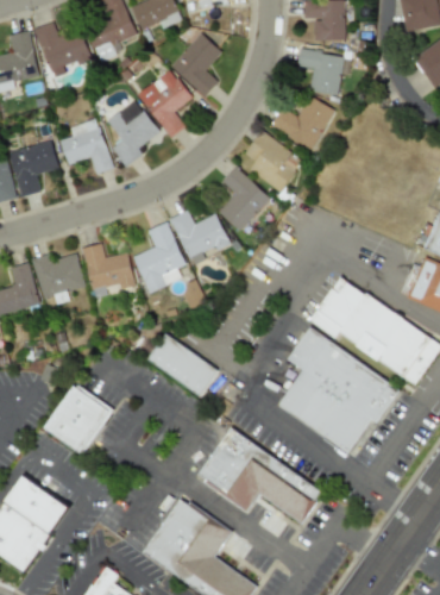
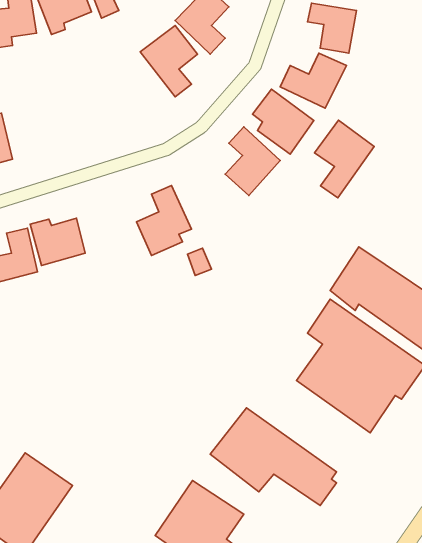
building: [106,99,157,165] -> none
building: [58,118,112,173] -> none
building: [8,140,57,195] -> none
building: none -> [314,120,374,198]
building: [169,208,230,264] -> none
building: [81,243,133,289] -> none
building: [146,332,216,396] -> none
building: [43,383,111,453] -> none

